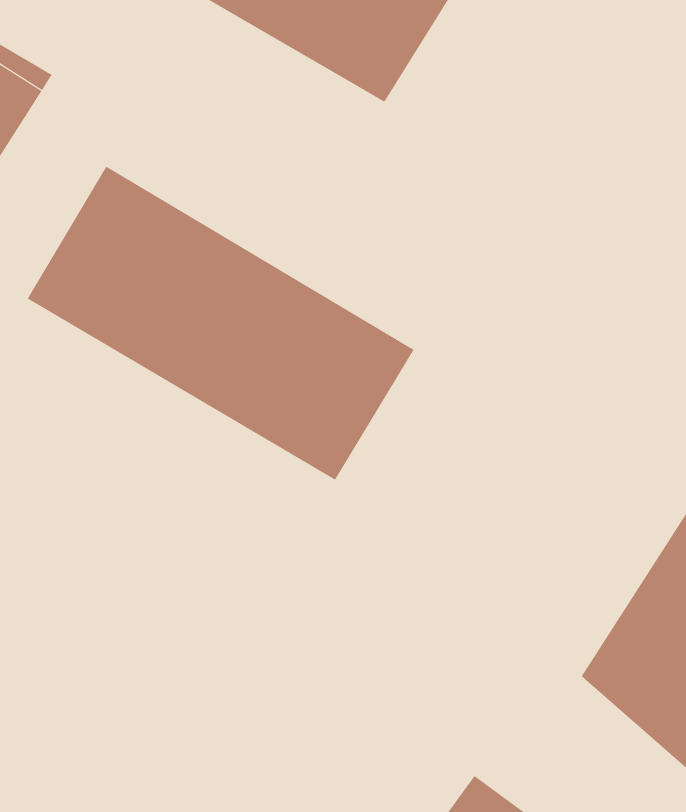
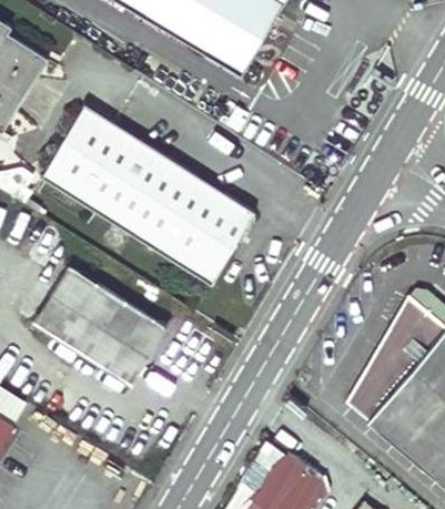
building: none -> [31,264,164,381]

